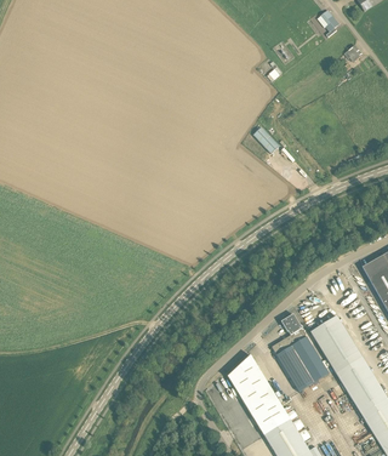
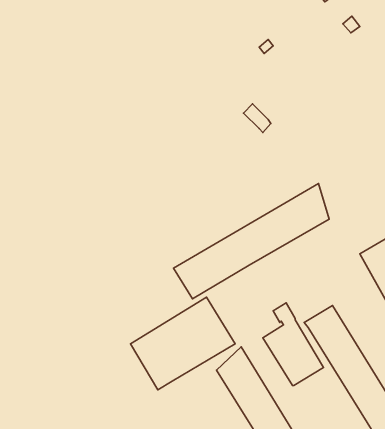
building: none -> [174,183,329,299]
building: none -> [131,297,235,390]

